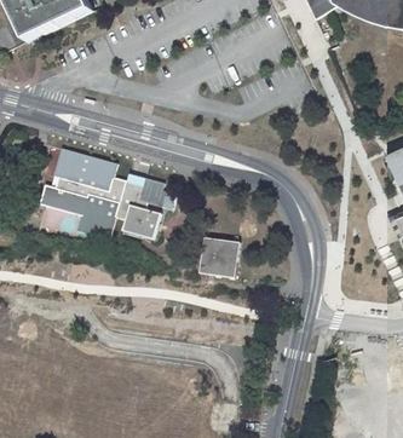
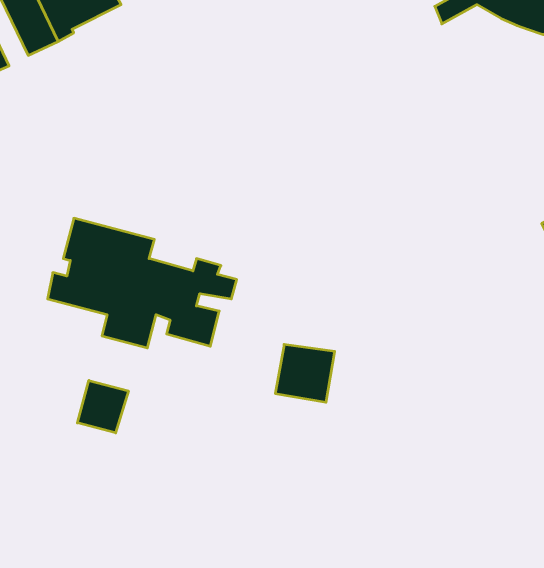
building: none -> [77,380,128,433]

